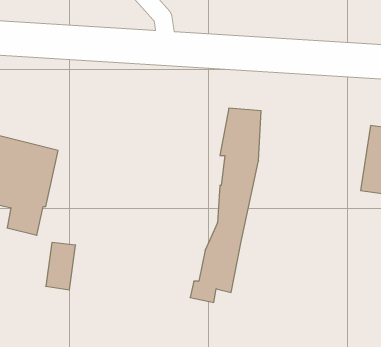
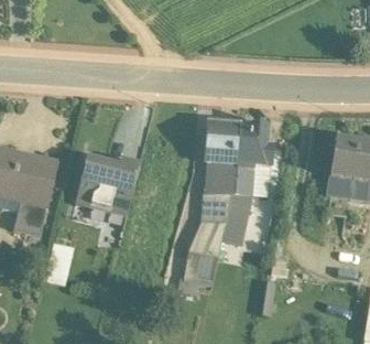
building: none -> [221,123,274,244]
building: none -> [75,152,139,215]

